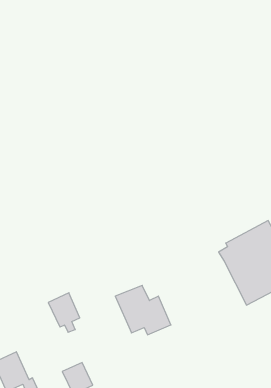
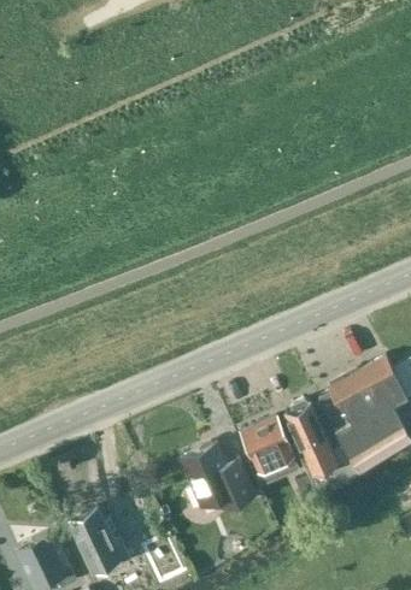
building: none -> [286,401,357,486]
building: none -> [241,418,294,474]
building: [48,293,80,332] -> [70,511,112,564]

